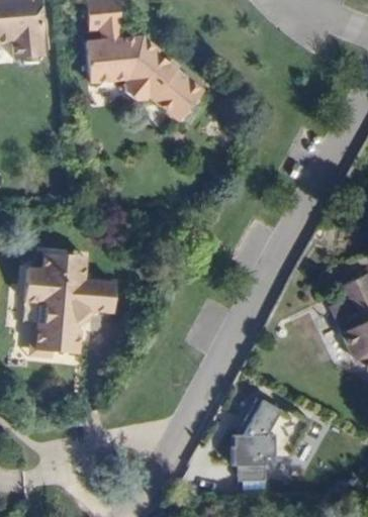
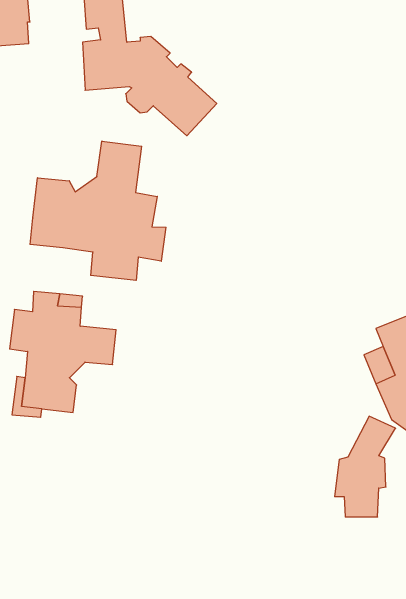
building: none -> [30,141,166,280]
building: [231,400,282,485] -> [335,416,396,517]

